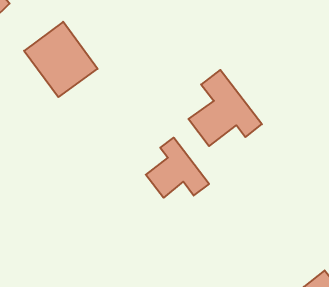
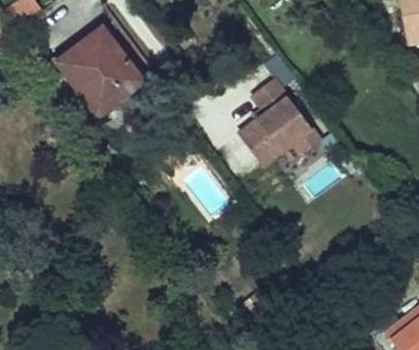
building: [146,138,209,198] -> none

